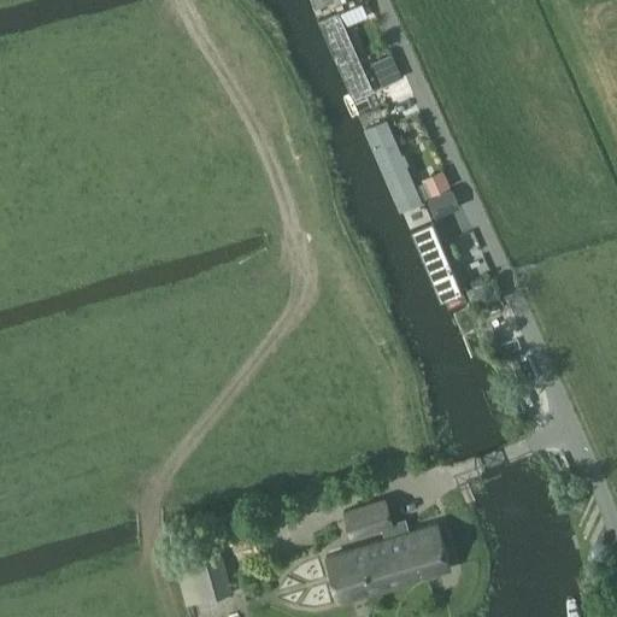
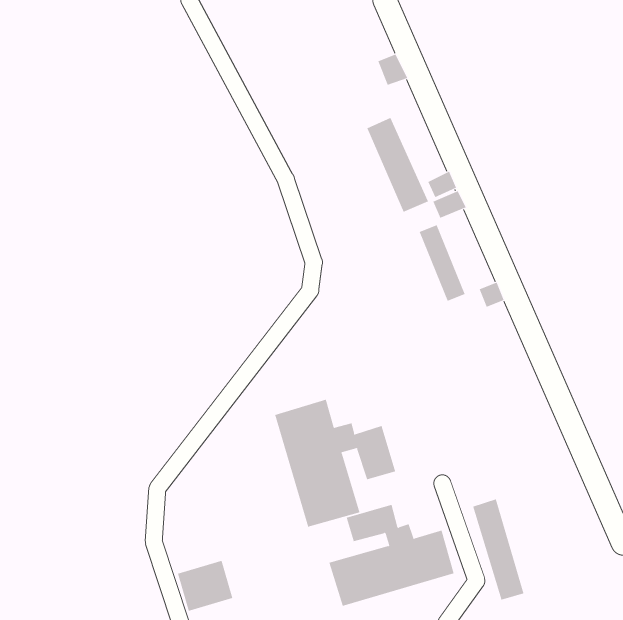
building: [317,13,374,101] -> none
building: none -> [275,399,396,528]
building: none -> [472,499,524,601]

